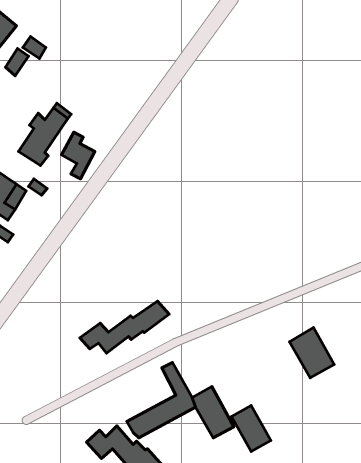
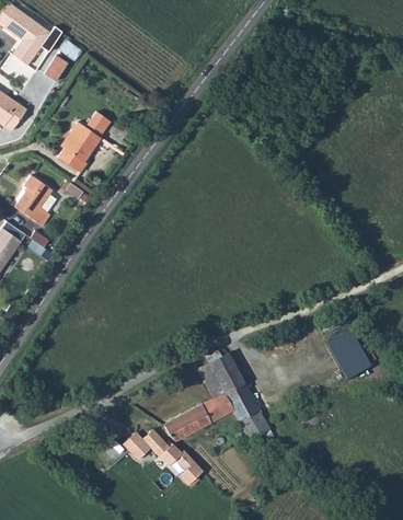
building: [62,132,95,179] -> none
building: [80,301,169,353] -> none
building: [231,405,271,451] -> [209,355,249,401]

